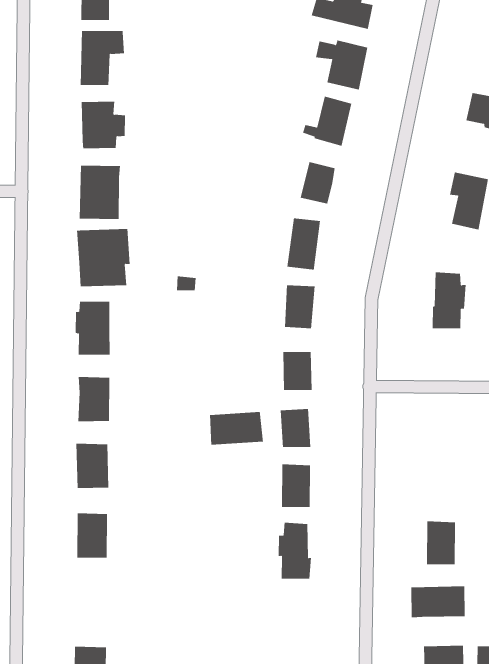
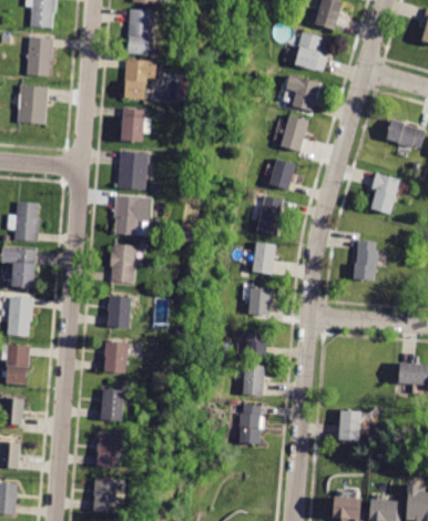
building: [209,411,263,445] -> none
building: none -> [96,435,120,467]
building: [411,585,465,618] -> none

